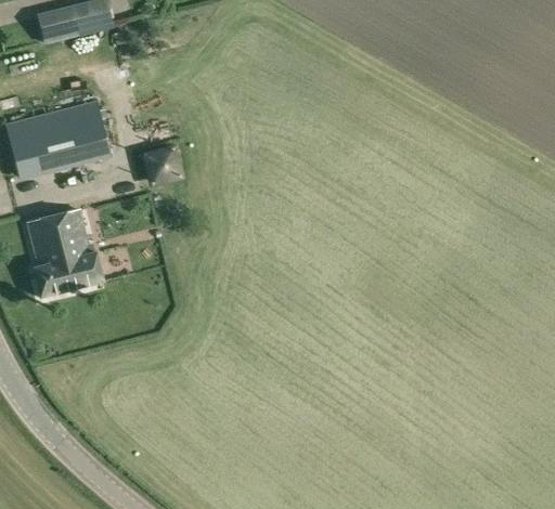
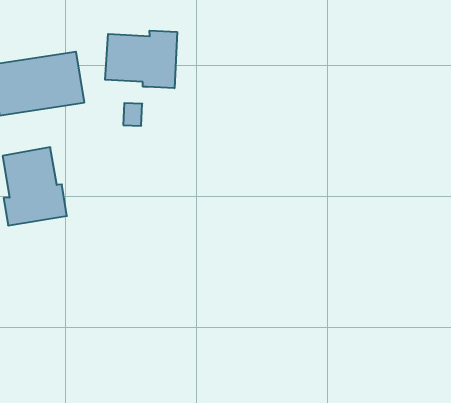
building: none -> [105,31,177,88]

